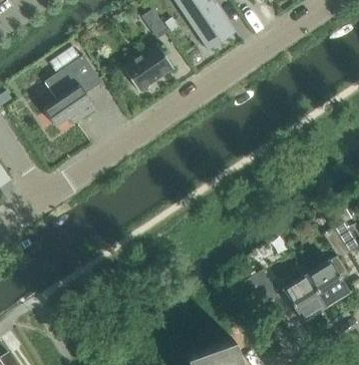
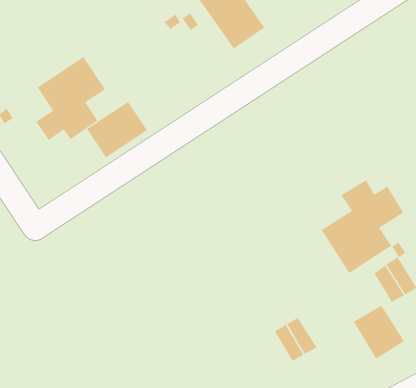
building: [122,43,173,90] -> [86,101,148,158]
building: none -> [321,178,404,274]
building: [282,274,325,320] -> none

